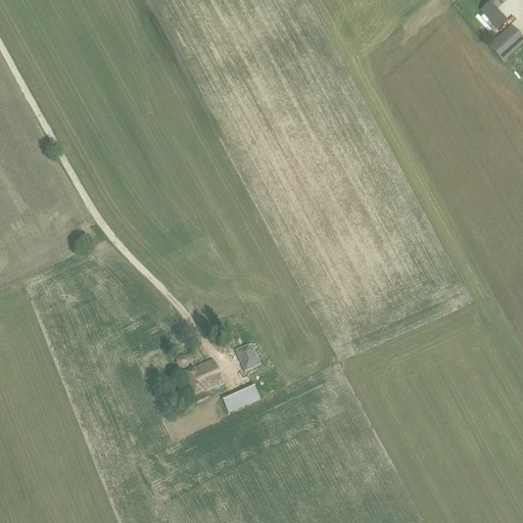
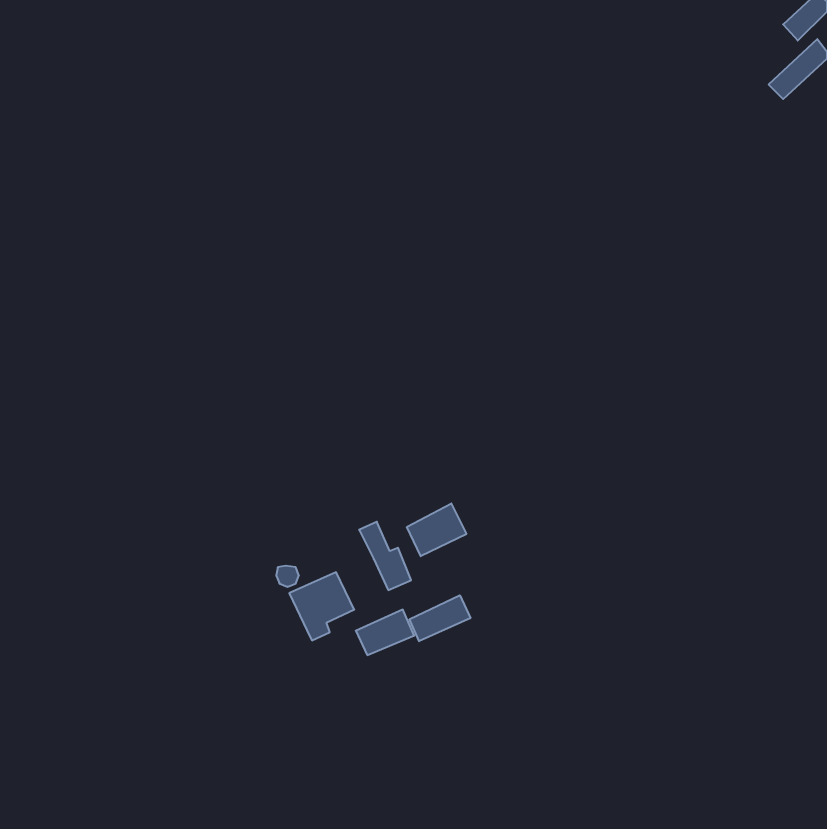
building: none -> [407,503,466,556]
building: none -> [410,595,470,641]

